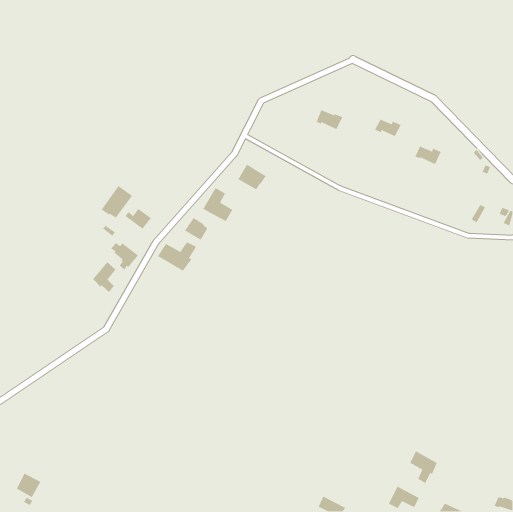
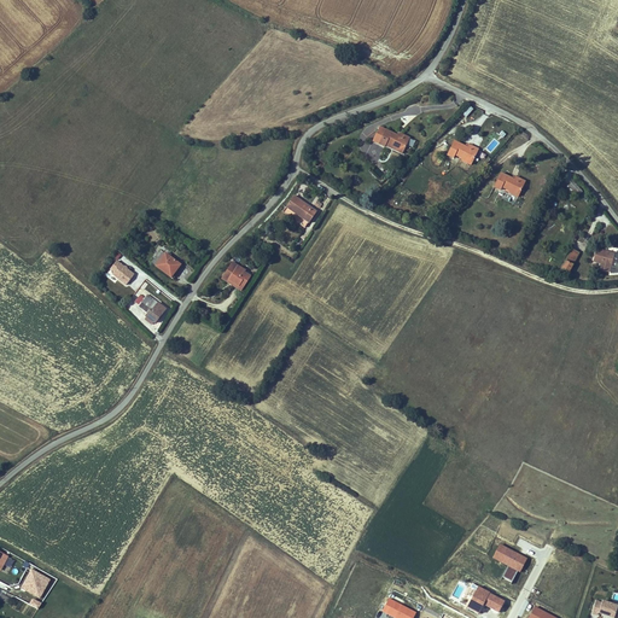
building: [101,185,133,219] -> none
building: [203,187,233,222] -> none
building: [157,242,197,272] -> none
building: [92,261,116,293] -> none

